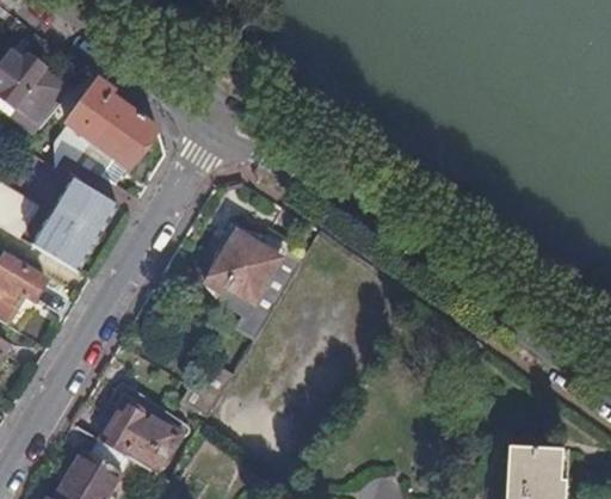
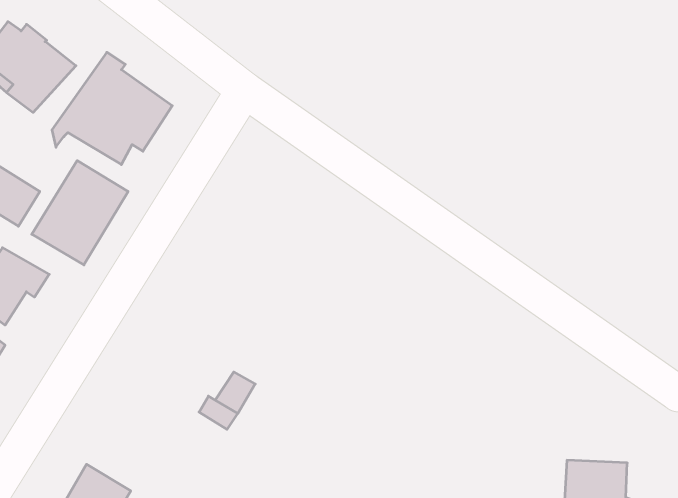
building: [203,216,291,320] -> none
building: [101,402,177,473] -> none

